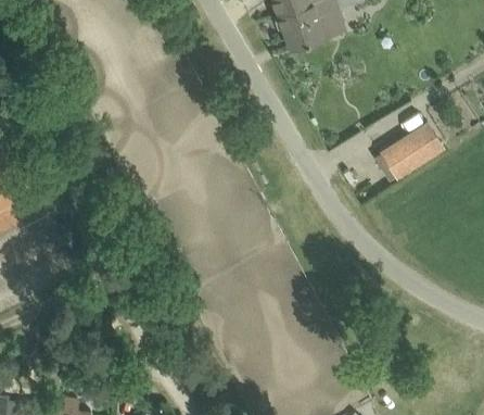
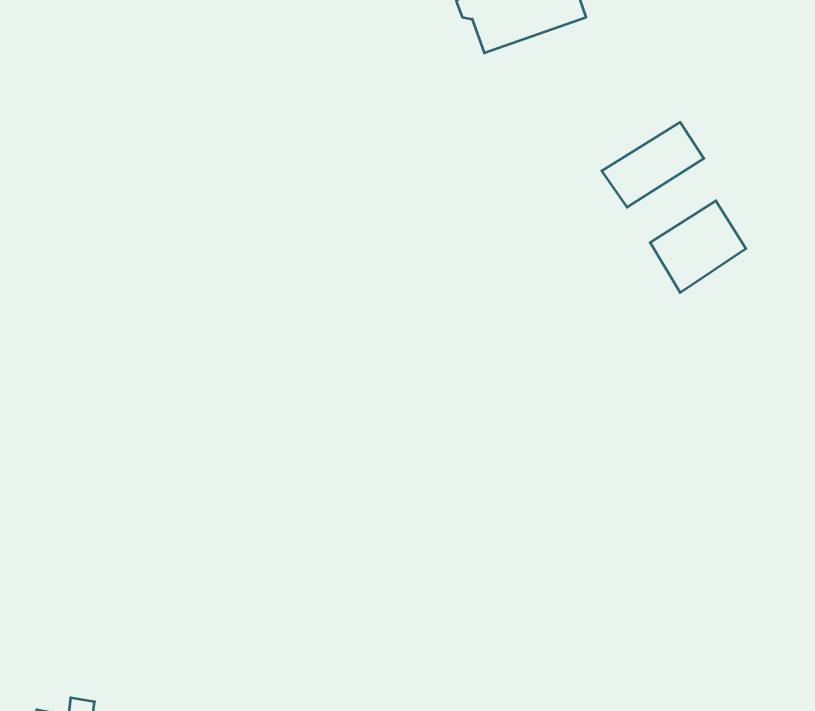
building: none -> [602,122,704,207]

